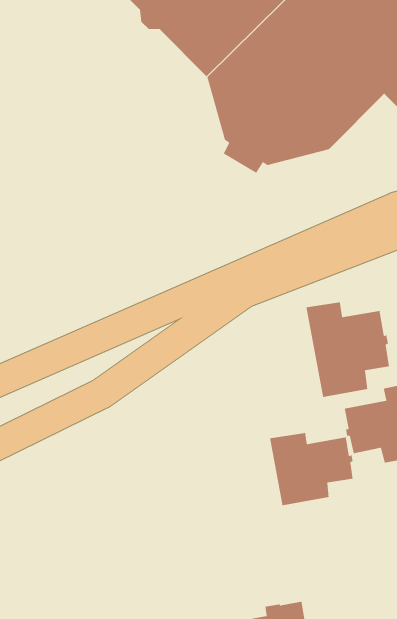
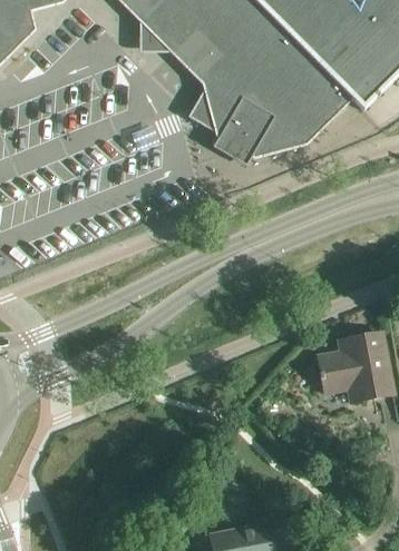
building: [306,301,390,398] -> none
building: [269,432,354,506] -> none

